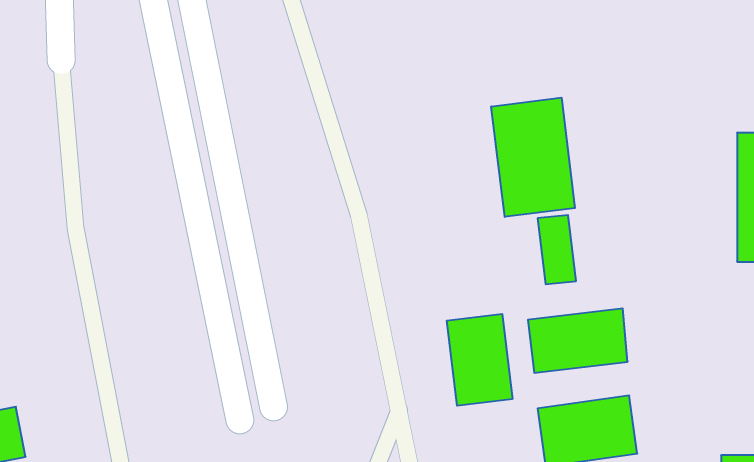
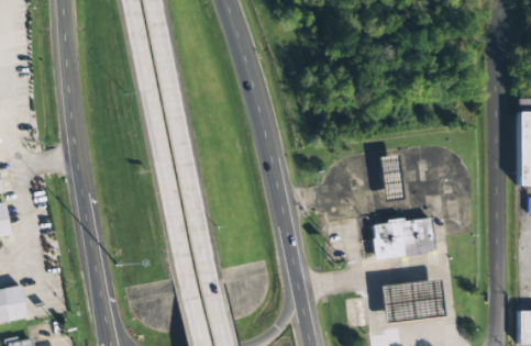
building: [491,98,575,217] -> none
building: [447,314,512,406] -> none

